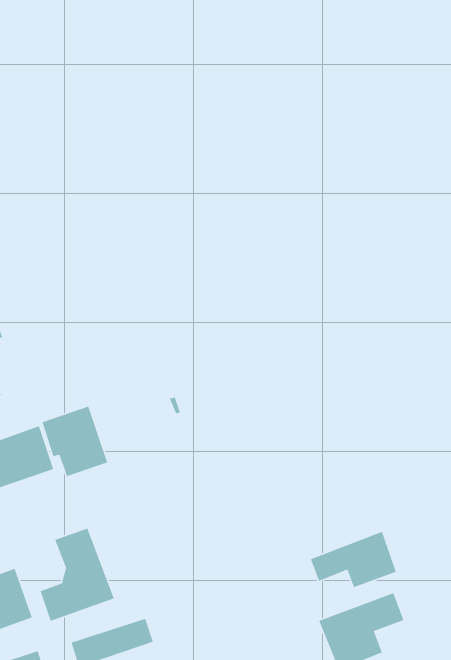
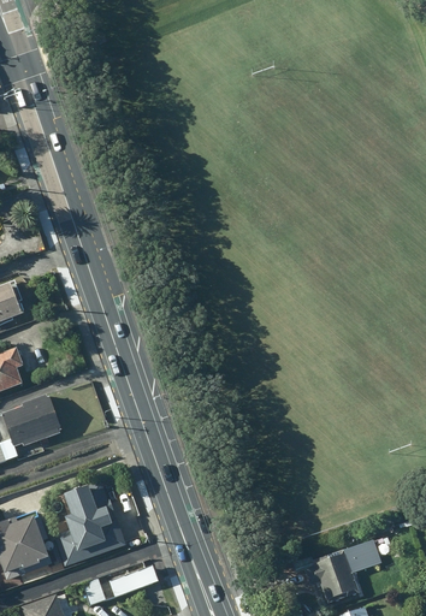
building: [41,406,108,477] -> none
building: [310,531,397,588] -> none

